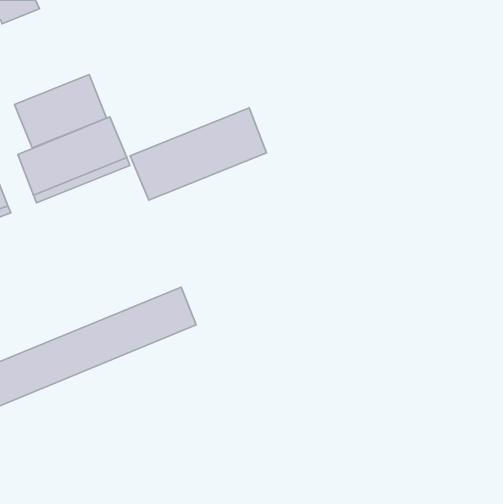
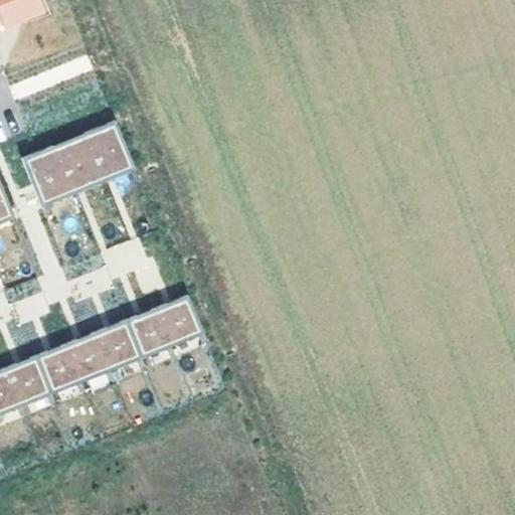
building: [14,74,106,148] -> none
building: [130,108,267,200] -> none

